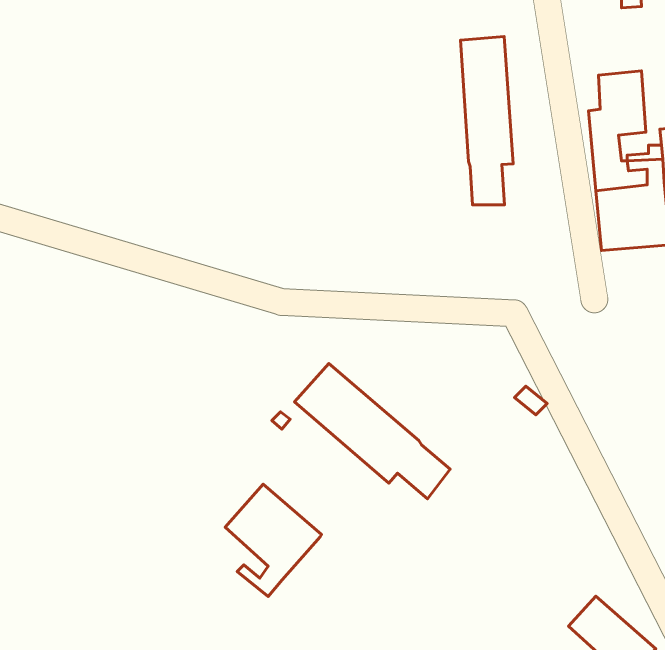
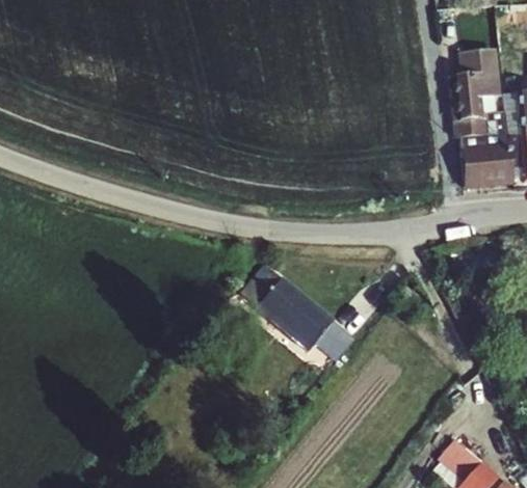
building: [461,36,513,205] -> none
building: [225,484,322,597] -> none

